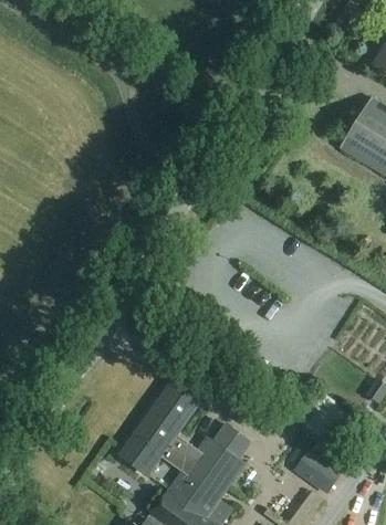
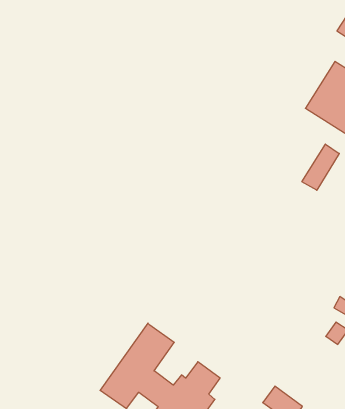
building: none -> [302,144,339,190]

